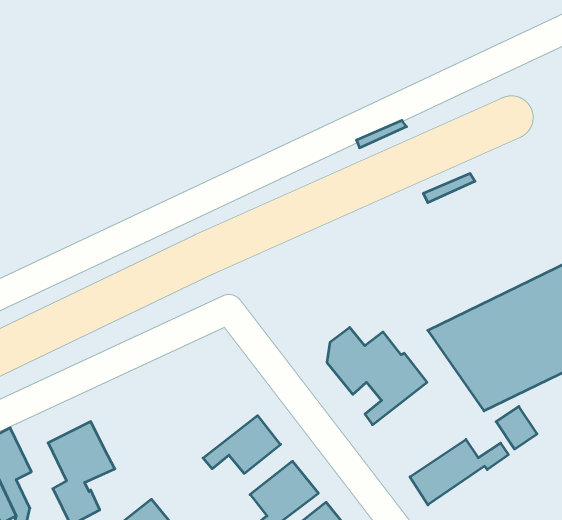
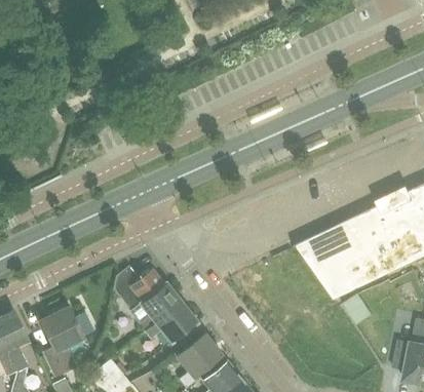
building: [327,327,427,425] -> [113,265,181,330]
building: [410,439,508,505] -> none

